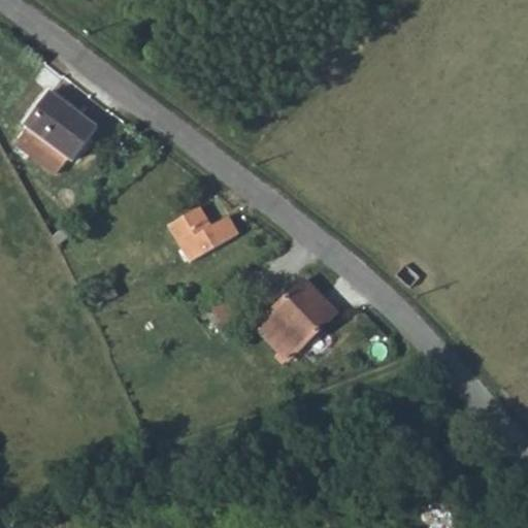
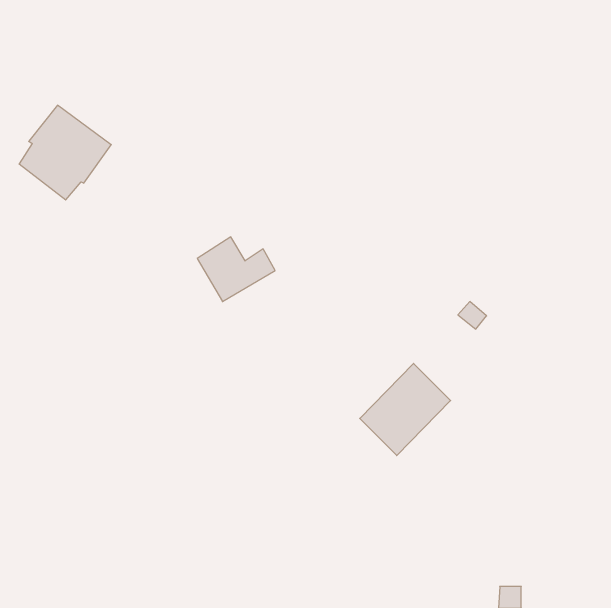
building: [256,282,334,361] -> [360,363,451,456]

